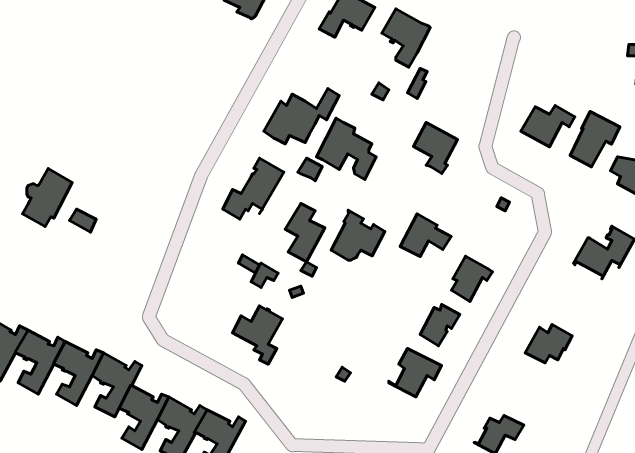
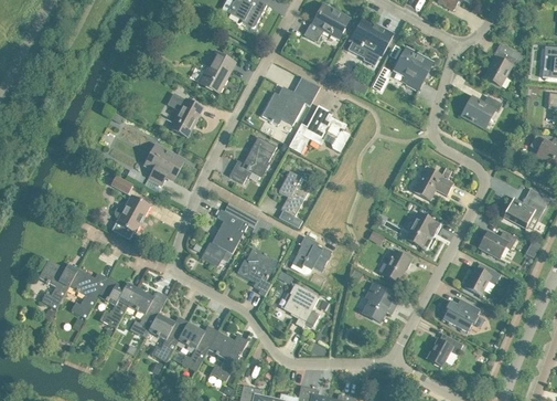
building: none -> [199,52,234,92]
building: none -> [165,93,202,137]
building: [570,111,620,167] -> [483,43,522,86]
building: [413,122,457,174] -> [395,50,429,89]
building: [22,168,72,227] -> [110,194,149,240]
building: none -> [144,146,181,186]
building: [331,210,385,260] -> [289,235,331,274]
building: [400,214,451,256] -> [413,167,452,200]
building: none -> [200,209,245,266]
building: none -> [478,230,515,258]
building: none -> [279,284,318,328]
building: none -> [441,300,479,331]

